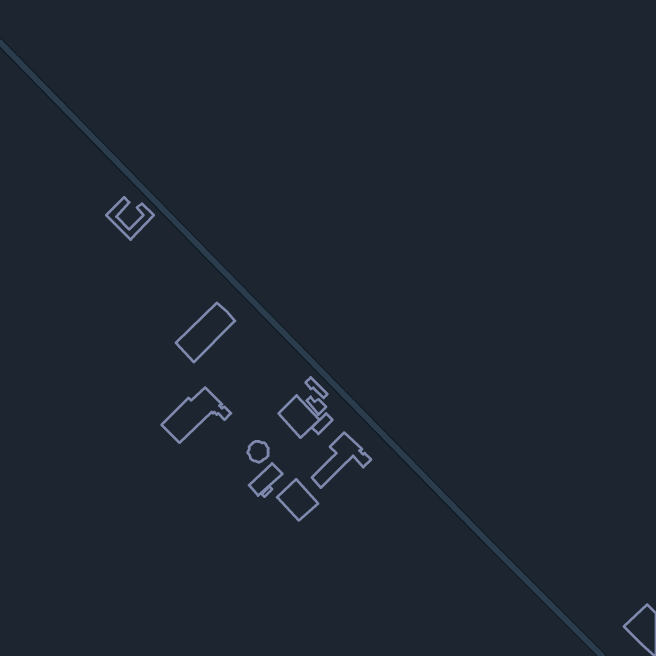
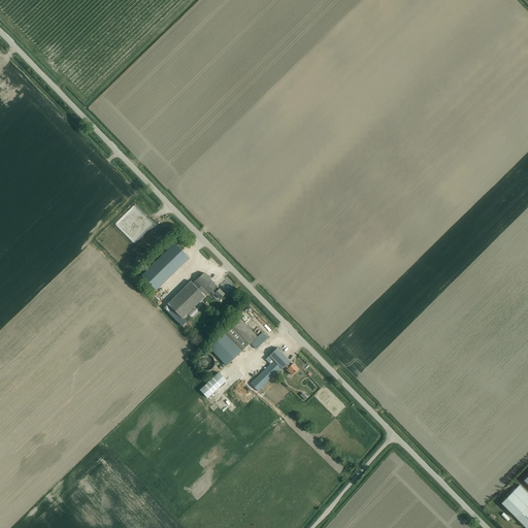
building: [106,197,154,240] -> [114,207,153,241]
building: [162,388,231,443] -> [169,273,225,318]
building: [277,479,318,520] -> [208,332,241,365]

